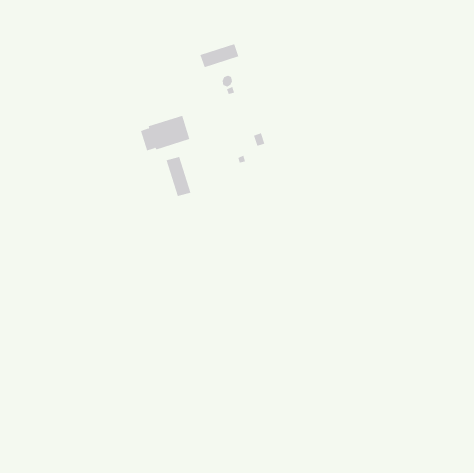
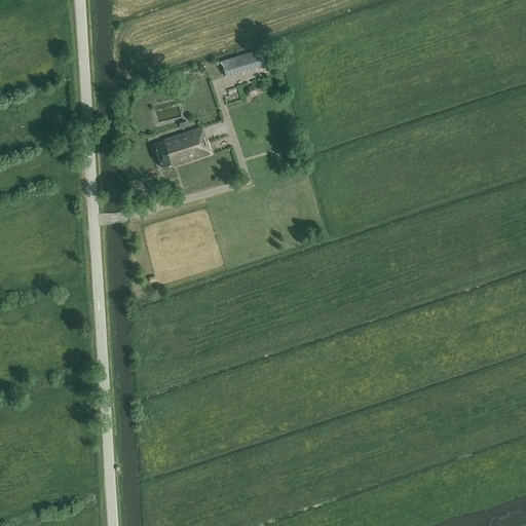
building: [166,156,191,197] -> none

